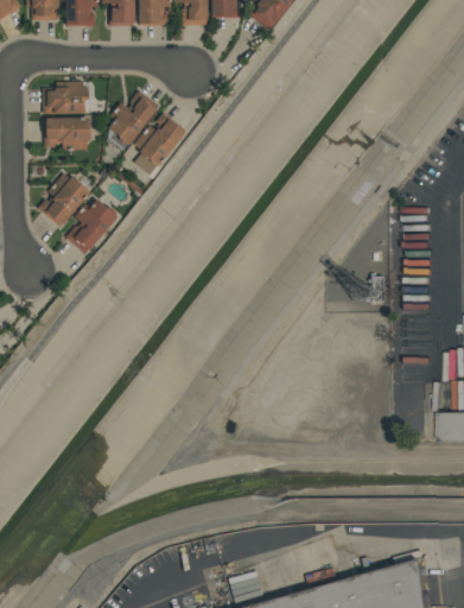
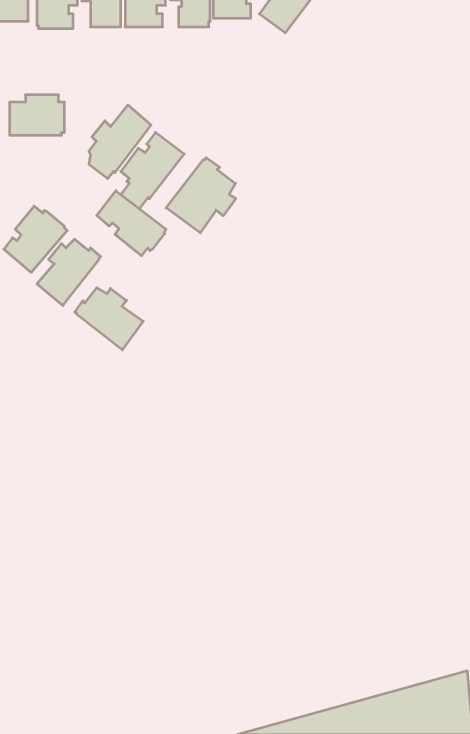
building: [44,118,90,150] -> none
building: none -> [166,158,236,233]
building: none -> [97,191,166,256]
building: none -> [75,288,143,350]

